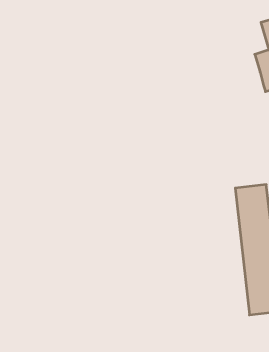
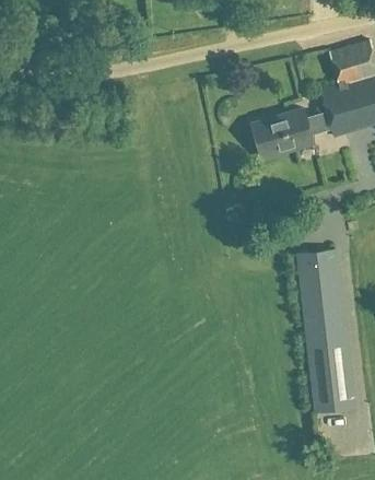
building: none -> [251,107,332,156]

